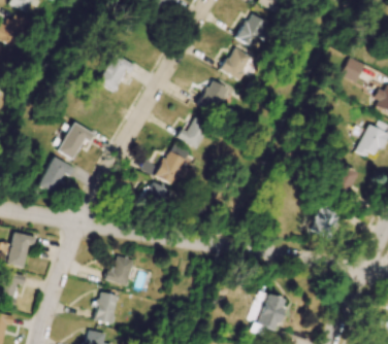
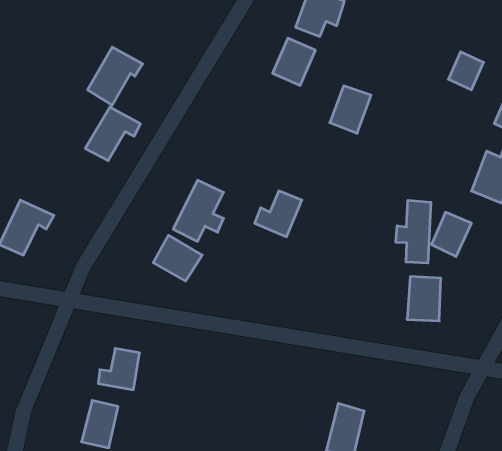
building: [200,80,228,112] -> [330,86,371,133]
building: [177,117,209,148] -> [255,191,302,237]
building: [58,123,95,159] -> [85,107,140,161]
building: none -> [396,200,431,263]

